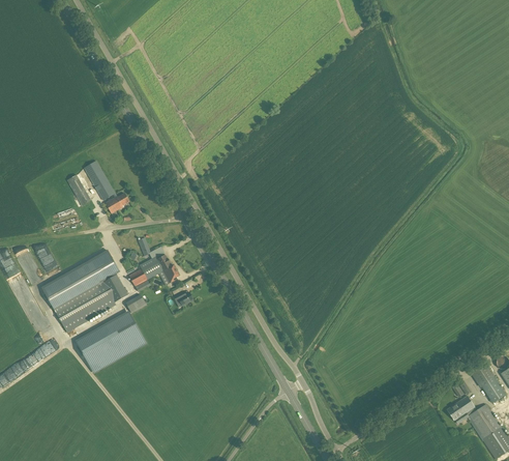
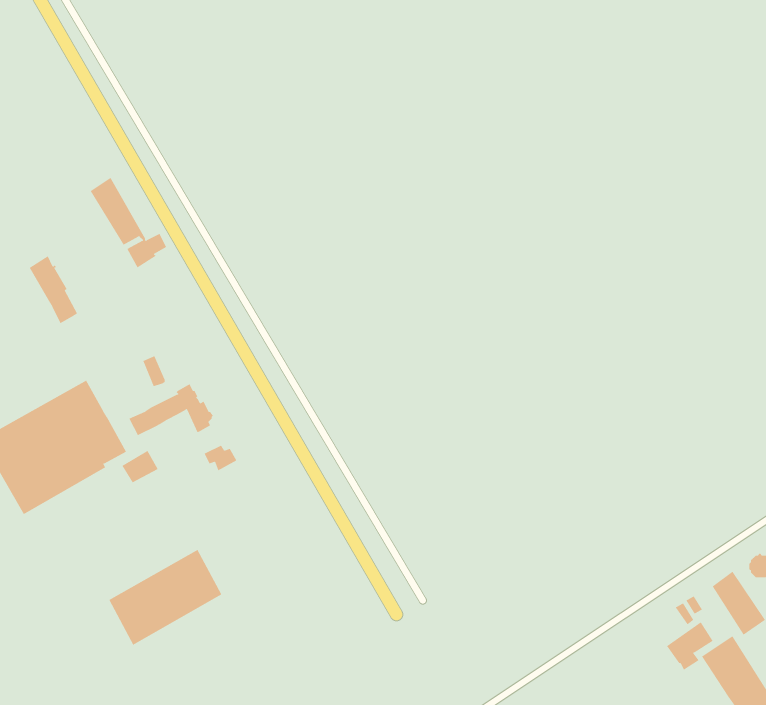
building: [83,159,128,212] -> [90,177,167,268]
building: [78,315,145,372] -> [108,549,222,645]

